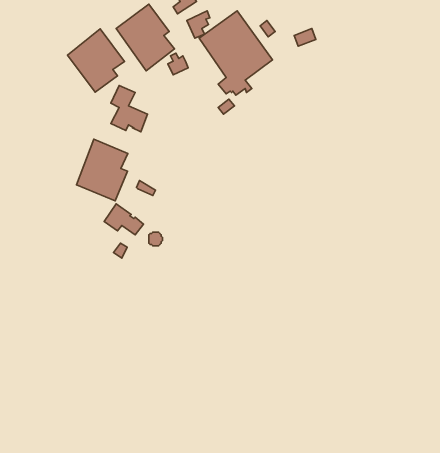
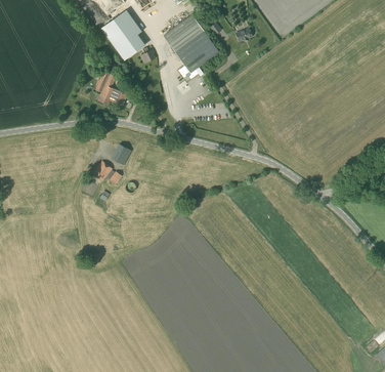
building: [67,29,124,92] -> none
building: [77,139,128,201] -> none

